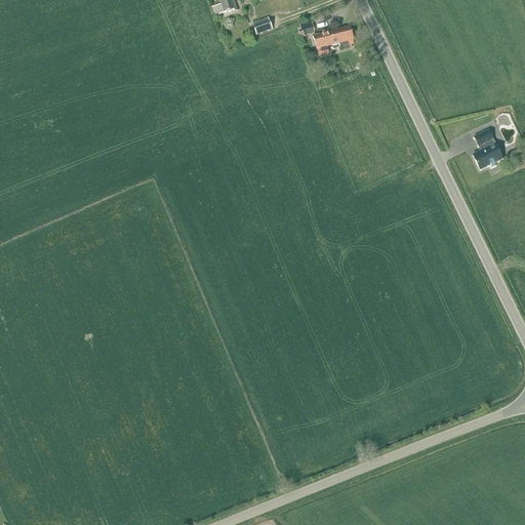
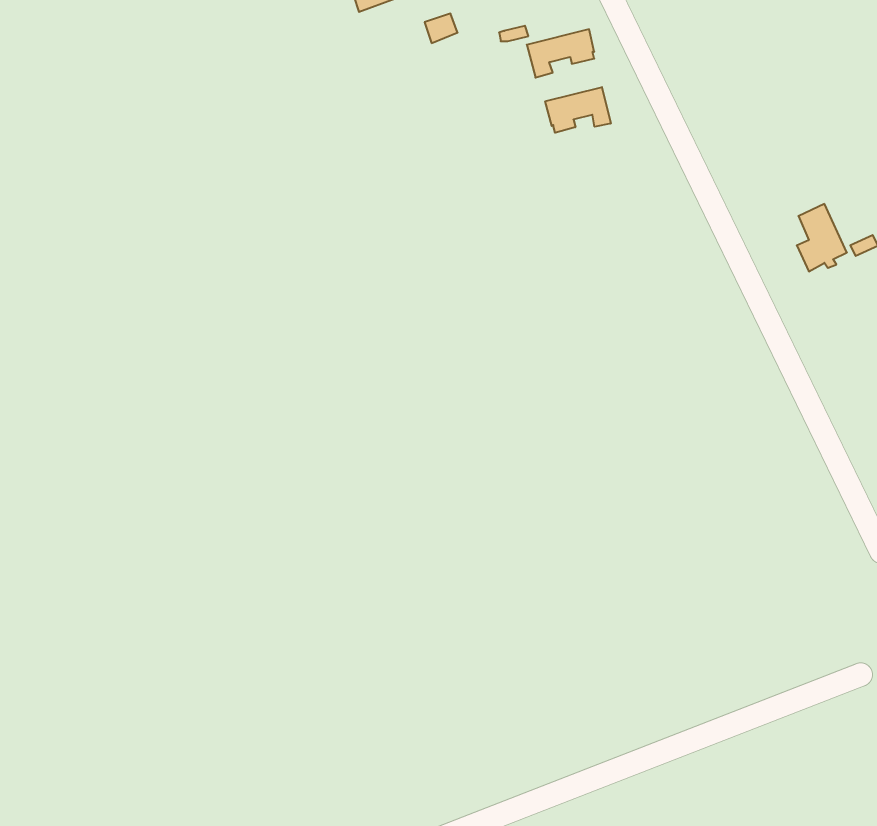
building: none -> [545,87,611,133]

